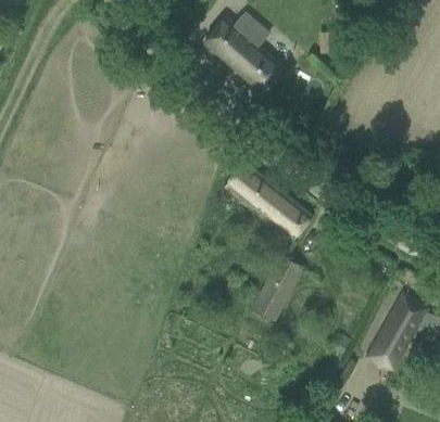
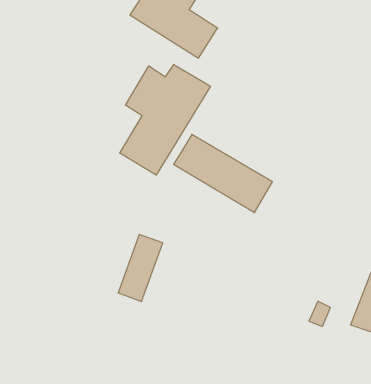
building: none -> [120,64,211,175]
building: [254,256,302,318] -> [118,235,163,301]

